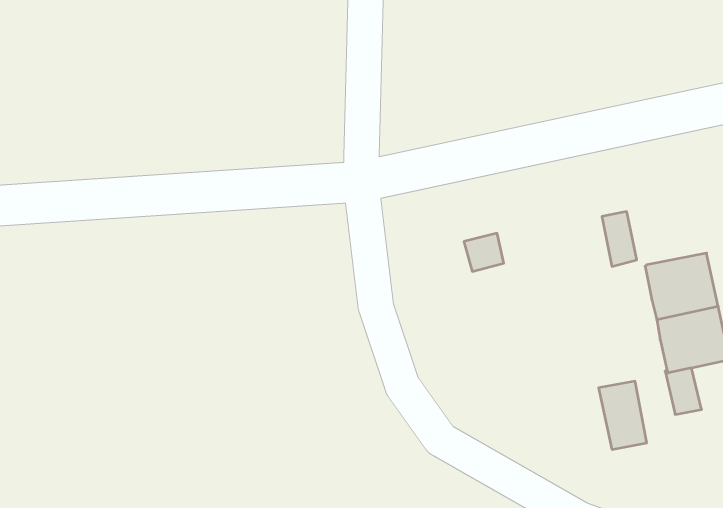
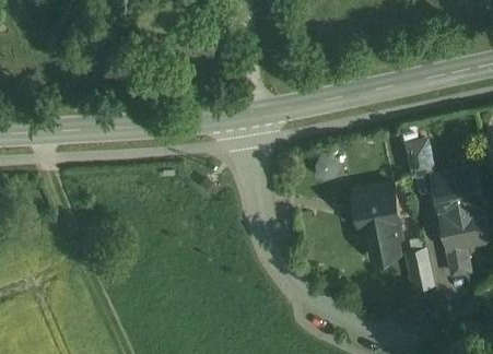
building: none -> [355,187,400,260]

